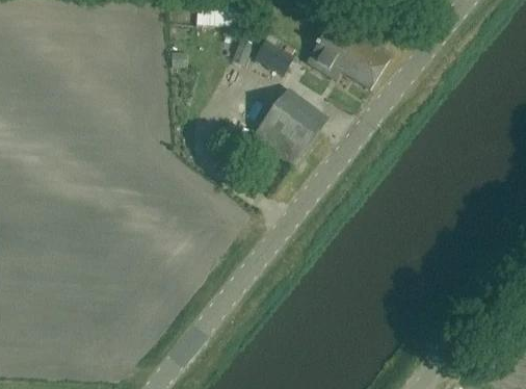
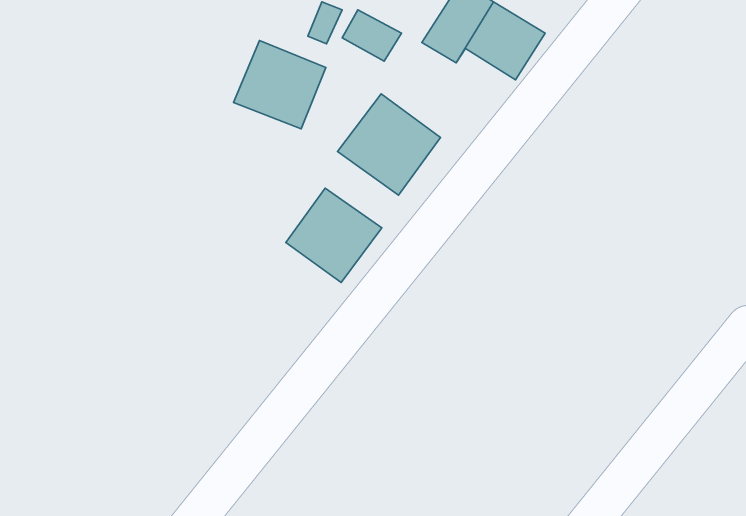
building: none -> [234,40,326,129]
building: none -> [286,188,382,283]

